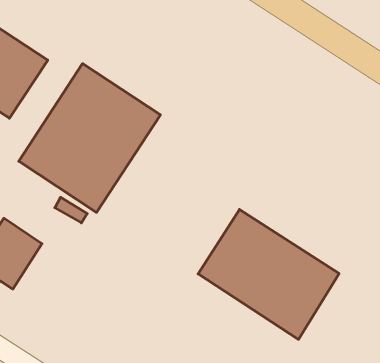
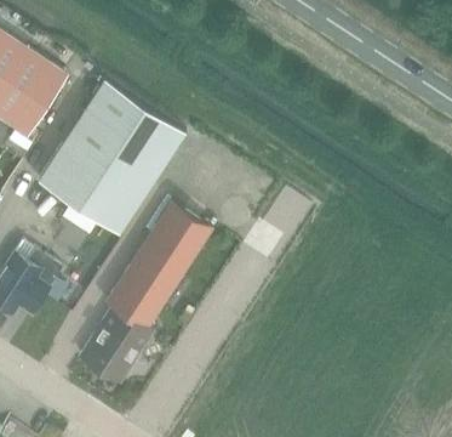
building: none -> [80,202,212,382]
building: [198,209,339,339] -> none

